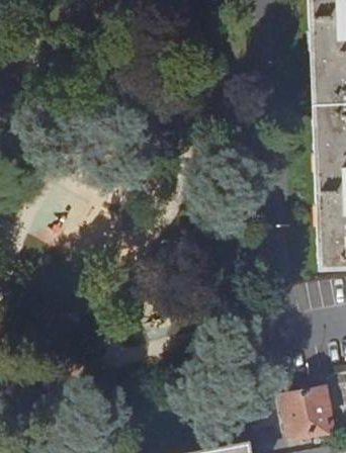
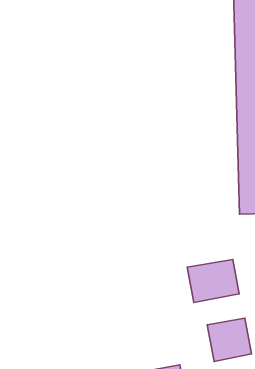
building: none -> [187,259,239,303]

